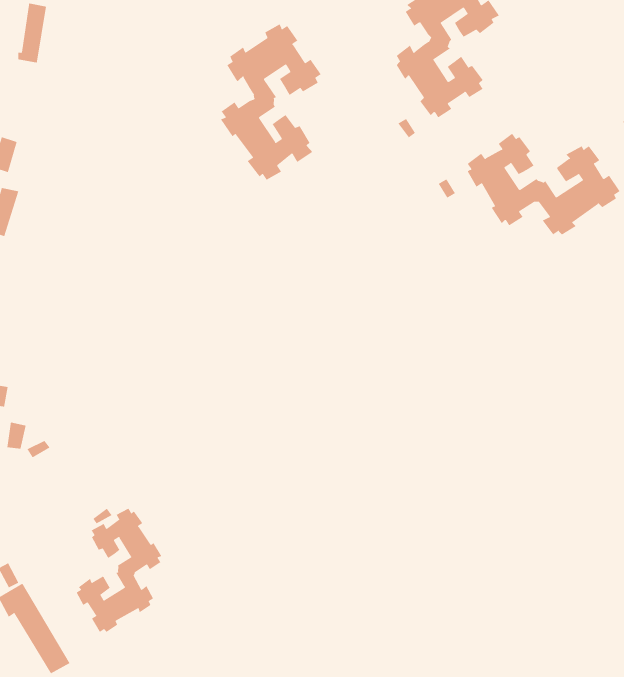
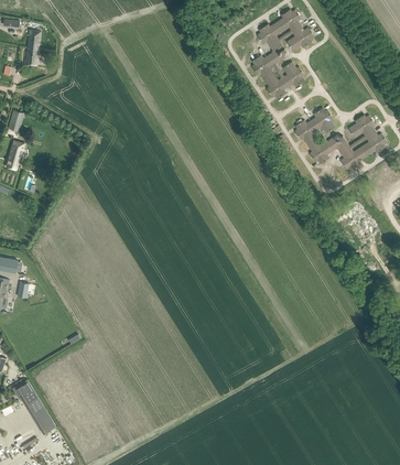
building: [220,23,321,181] -> none
building: [76,508,162,633] -> none

